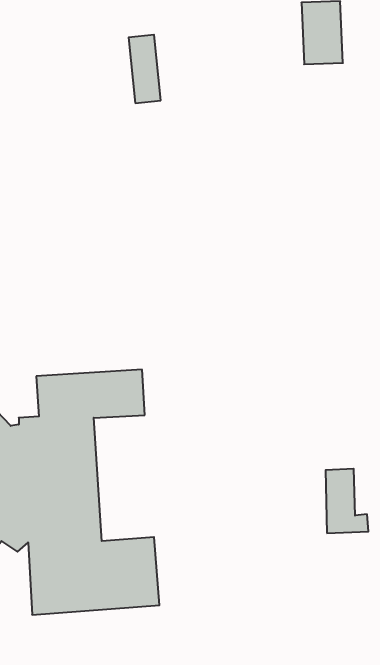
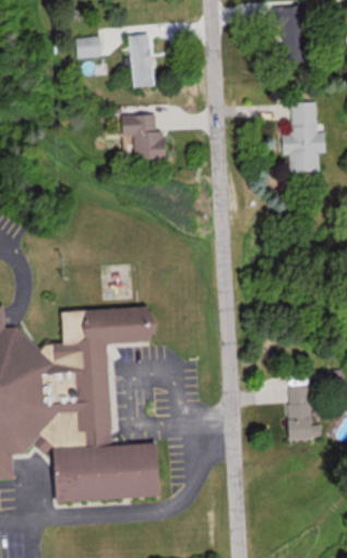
building: none -> [77,35,104,58]
building: none -> [286,102,330,173]
building: none -> [125,116,174,161]

